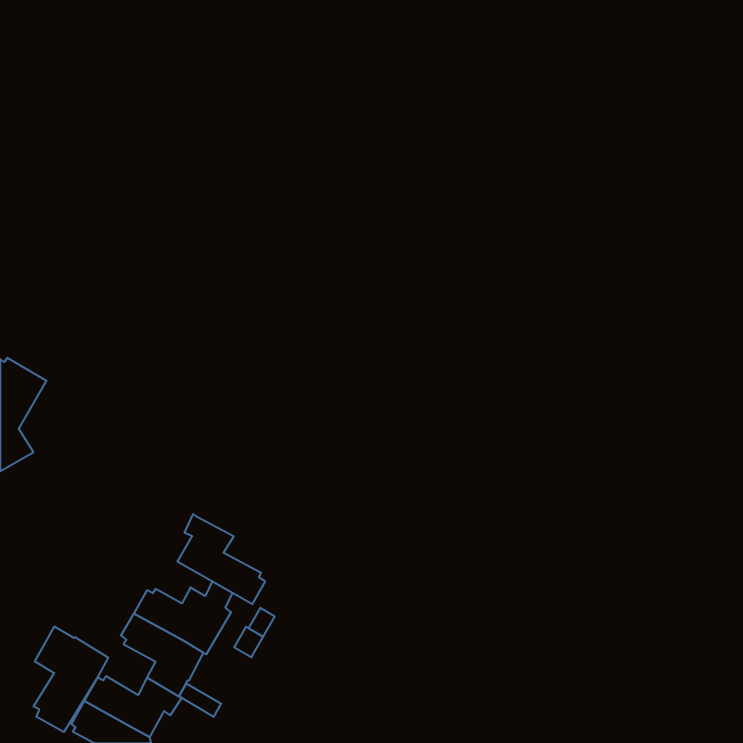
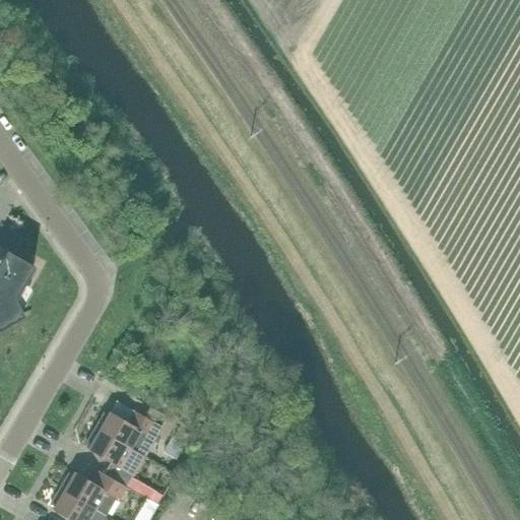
building: [178,514,265,604] -> none
building: [34,626,108,732] -> none

